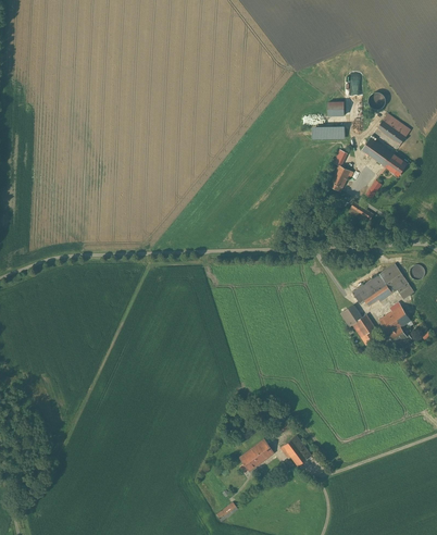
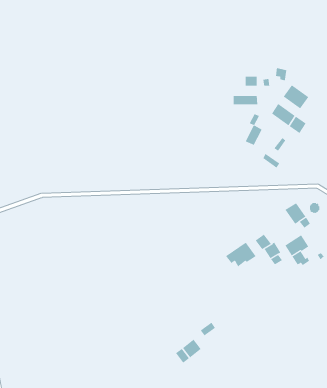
building: [351,274,391,307] -> [225,242,256,267]
building: [279,435,310,465] -> none

